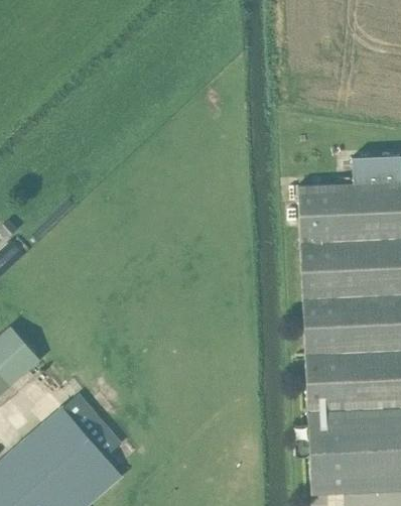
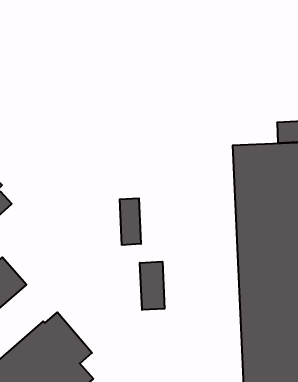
building: none -> [120,198,141,245]
building: none -> [140,262,165,310]

